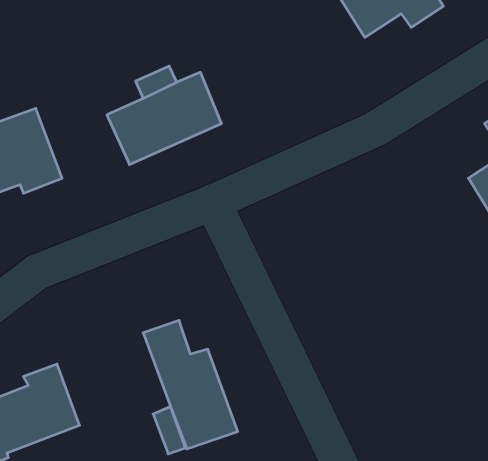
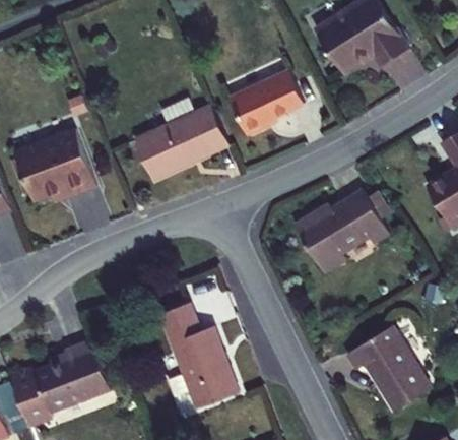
building: none -> [231,73,304,137]
building: none -> [296,190,390,272]
building: none -> [348,327,432,413]

